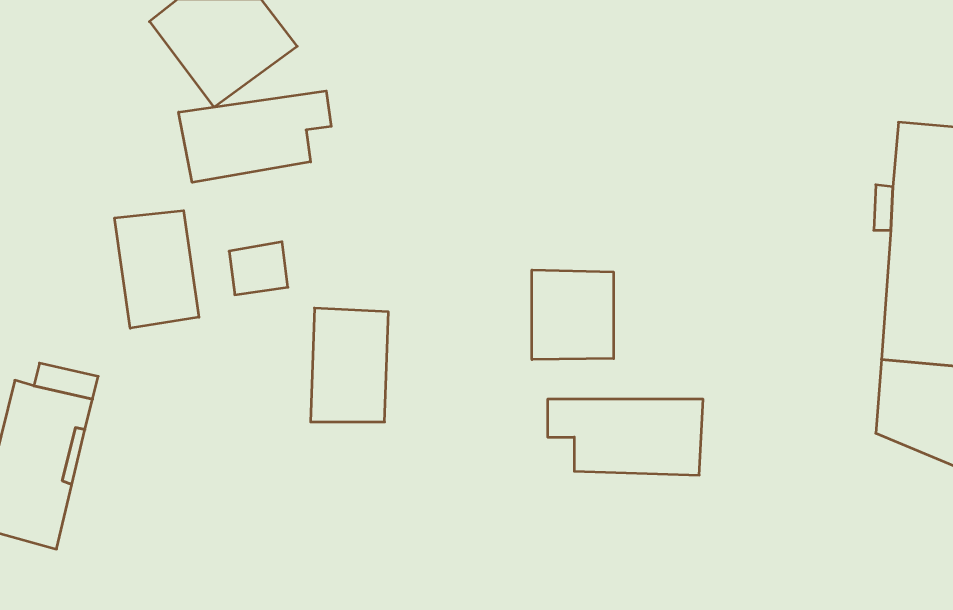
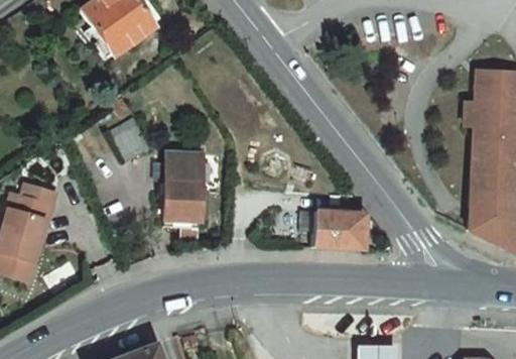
building: [179,91,331,182] -> none
building: [115,211,199,328] -> none
building: [532,270,614,360] -> none

